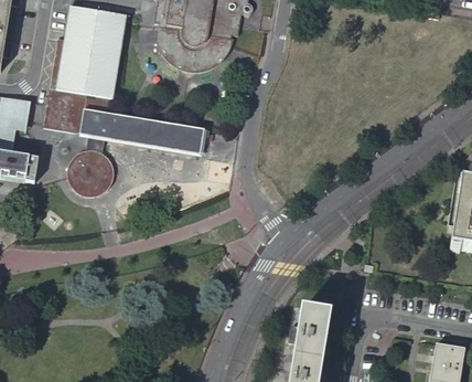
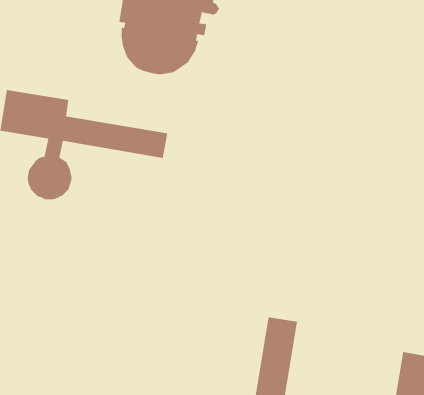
building: [50,6,127,98] -> none

